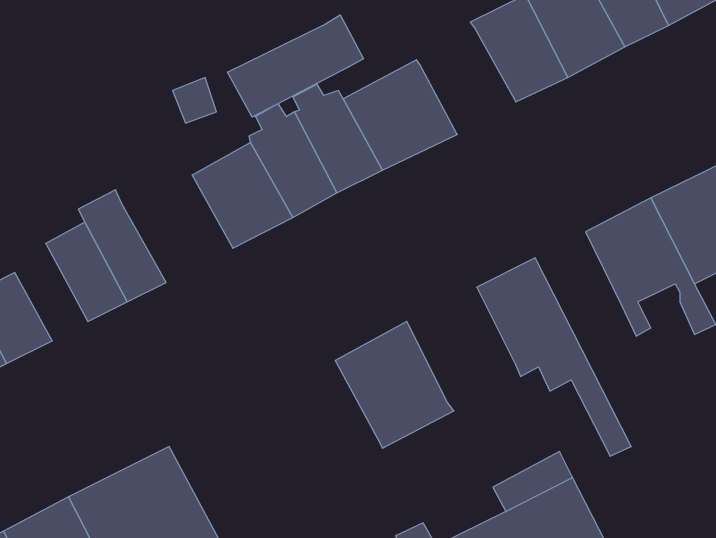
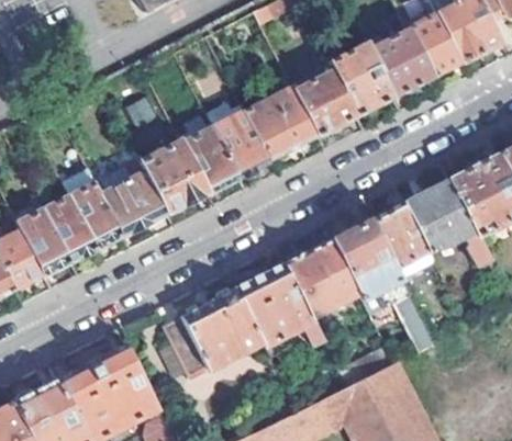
building: [227,15,364,117] -> none
building: none -> [293,64,358,135]
building: none -> [92,158,167,235]
building: none -> [371,201,430,268]
building: none -> [16,208,69,274]
building: none -> [285,238,358,316]
building: none -> [163,287,265,375]

